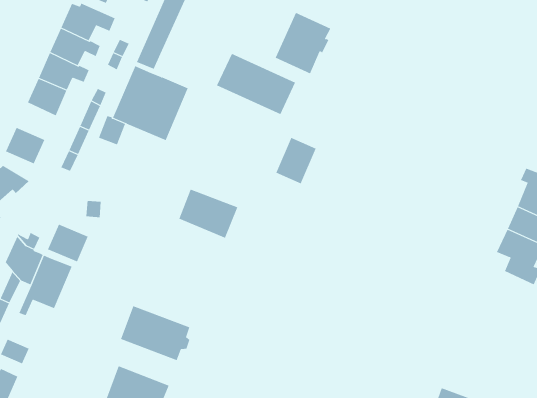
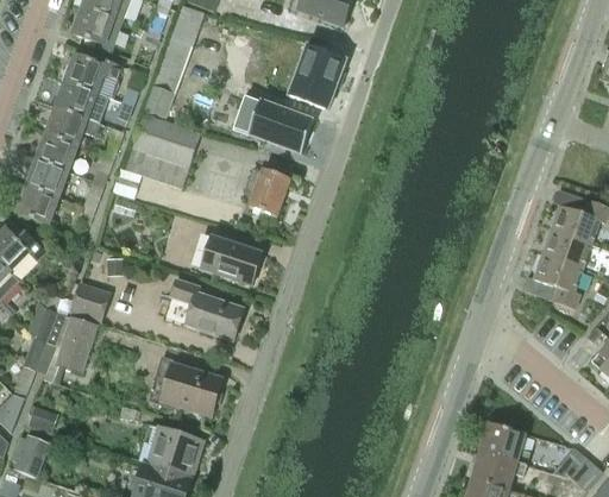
building: none -> [27,159,68,196]
building: [276,137,317,184] -> [251,169,291,216]
building: none -> [163,279,244,338]

